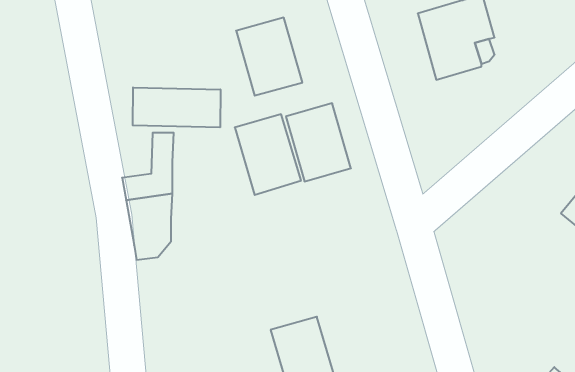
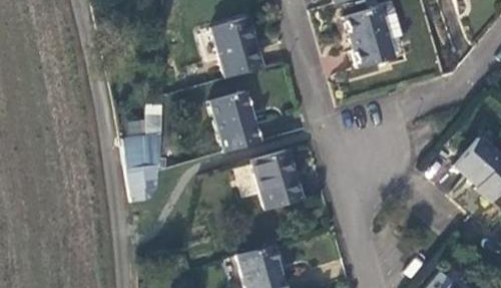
building: [133,87,220,127] -> none
building: [286,103,351,181] -> [252,150,301,209]

